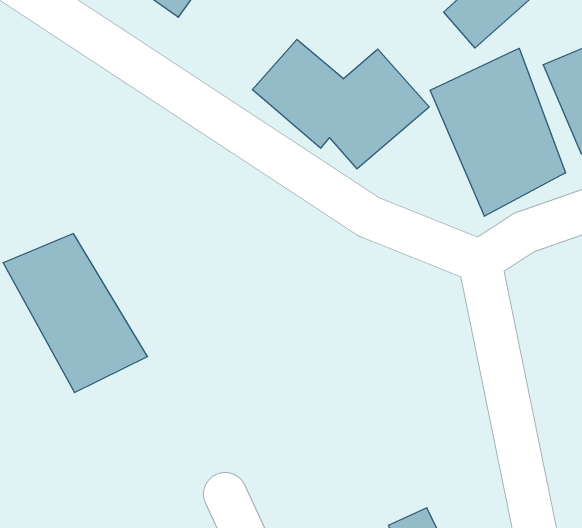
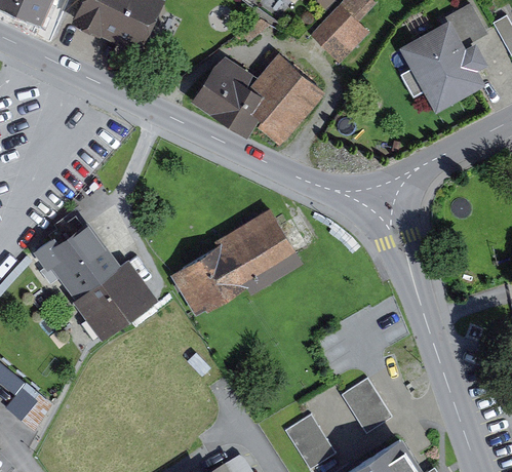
building: [430,48,566,216] -> none
building: none -> [170,206,301,311]

